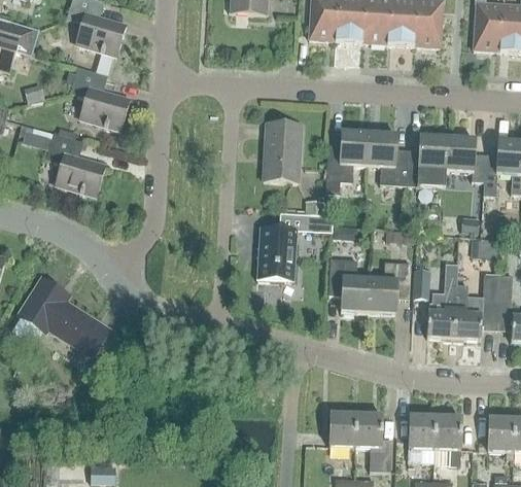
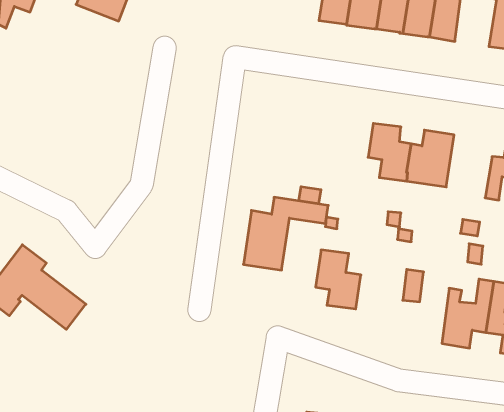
building: [70,65,131,130] -> none
building: [263,123,302,182] -> none
building: [325,130,370,194] -> none
building: [43,132,106,197] -> none
building: [445,136,486,186] -> none
building: [369,260,412,312] -> none
building: [427,287,456,337] -> none

